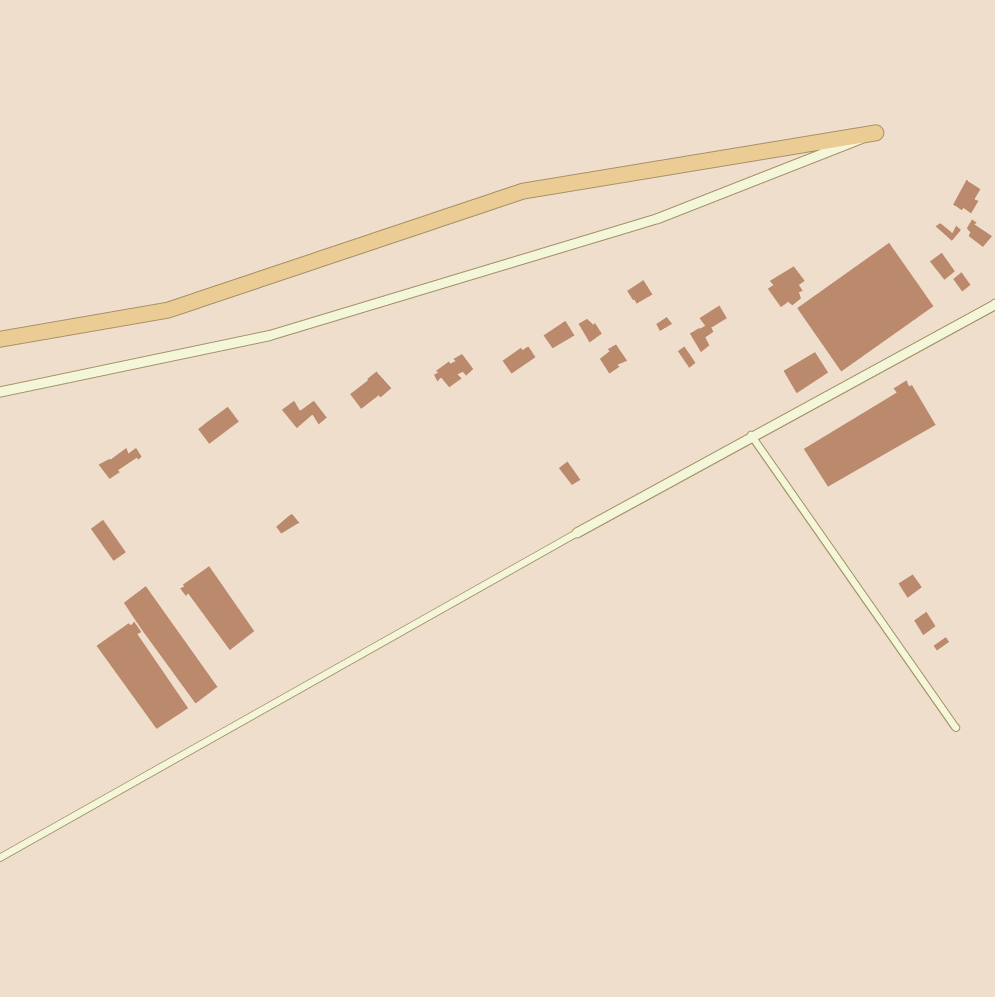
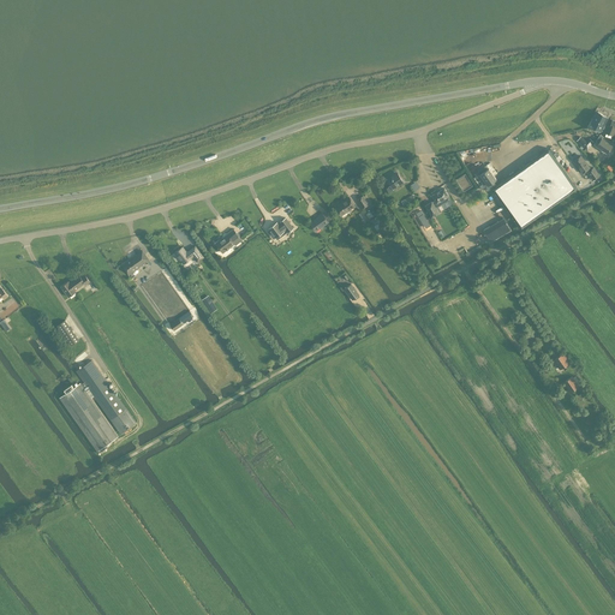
building: [803,379,936,488] -> none
building: [179,565,255,651] -> none

